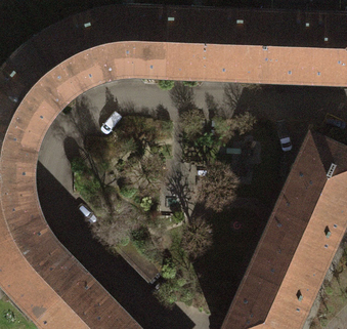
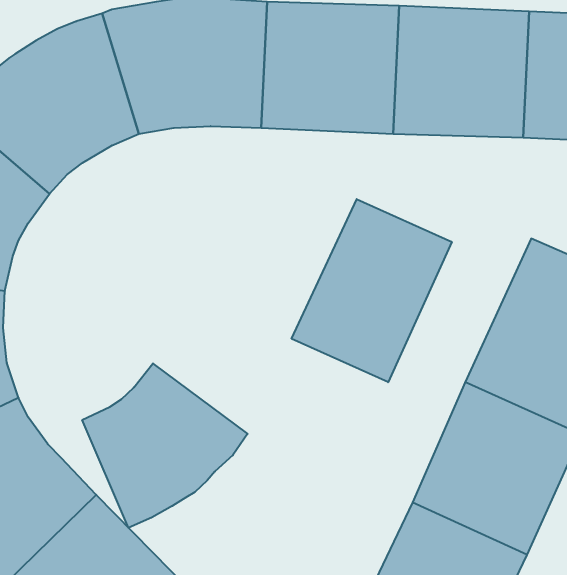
building: none -> [292,199,452,382]
building: none -> [82,363,248,528]

